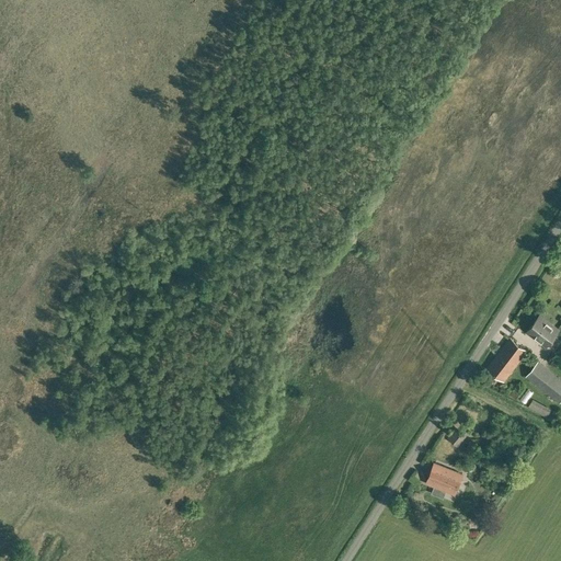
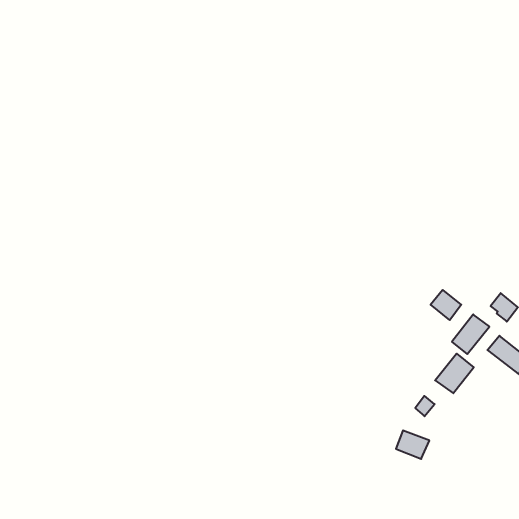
building: none -> [431,290,461,320]
building: none -> [435,354,474,393]

